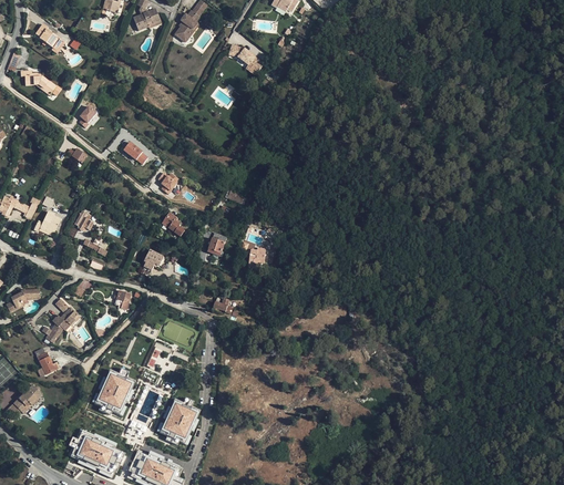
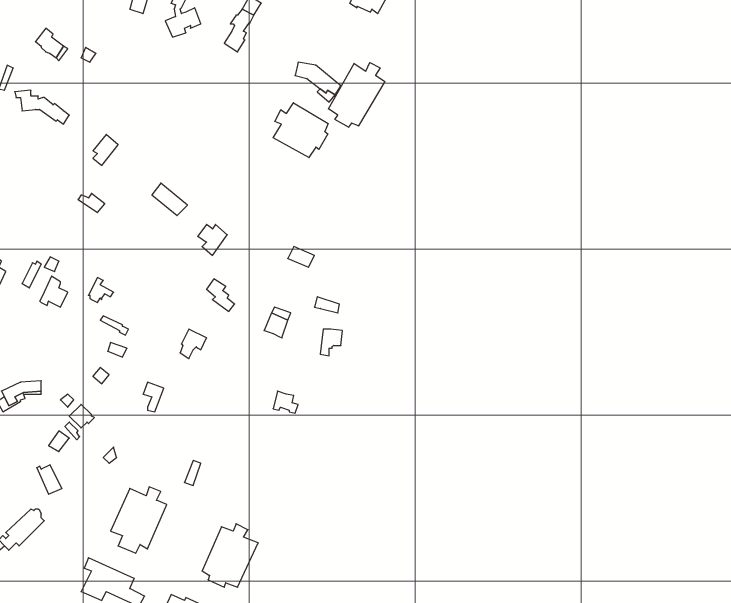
building: none -> [328,63,385,127]
building: none -> [273,103,328,158]

